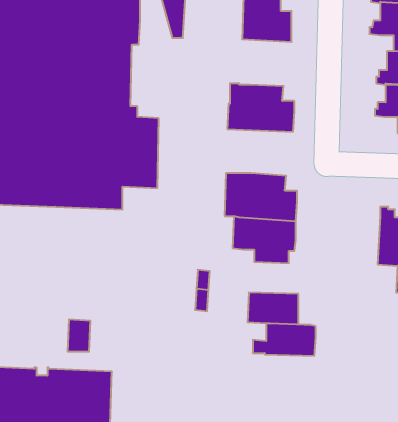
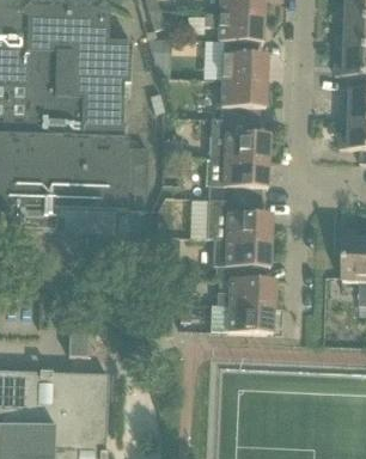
building: none -> [219,80,266,122]
building: none -> [205,159,267,202]
building: [253,324,316,356] -> [216,279,273,307]

